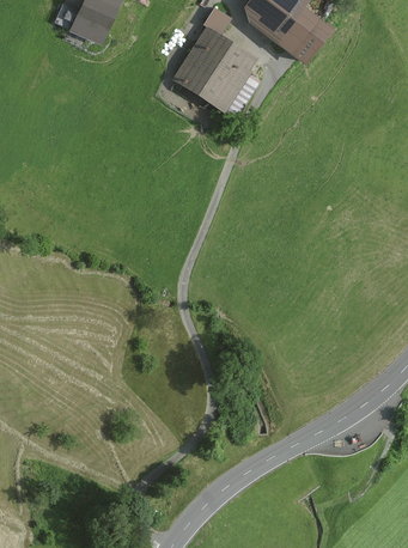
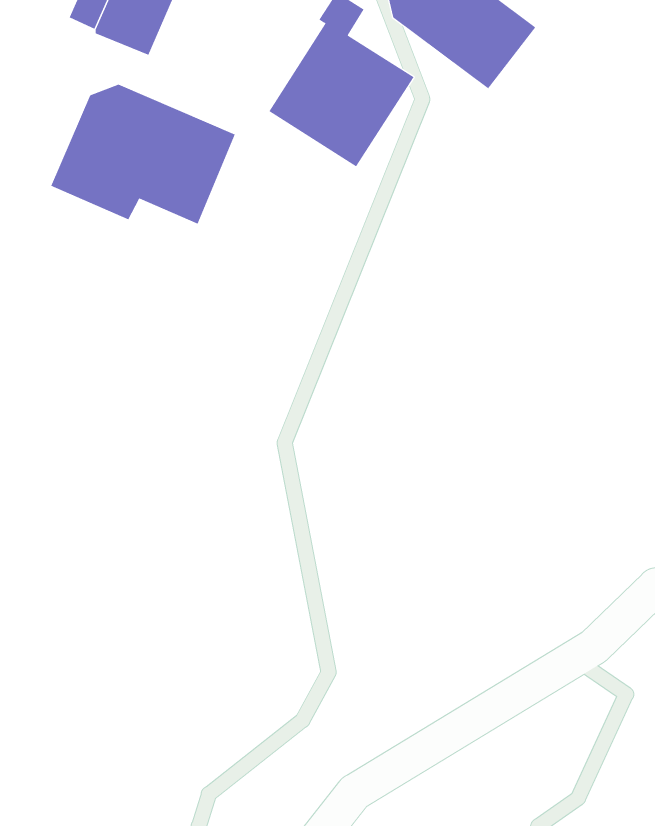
building: none -> [50,84,235,224]

